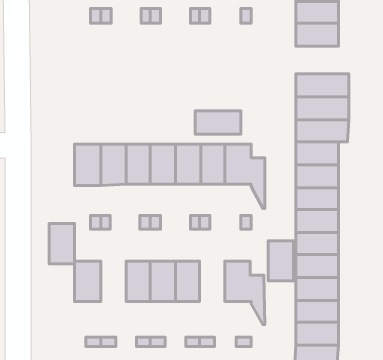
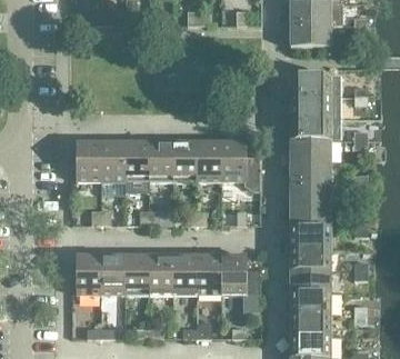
building: [195,111,241,134] -> none
building: [49,224,74,264] -> [101,255,126,293]
building: [268,241,293,281] -> [197,255,221,293]

